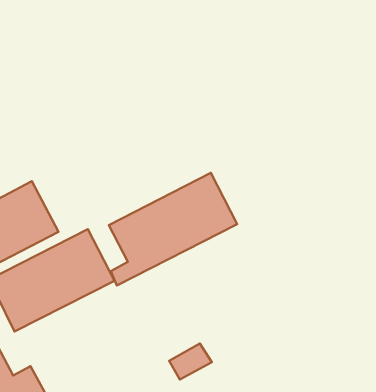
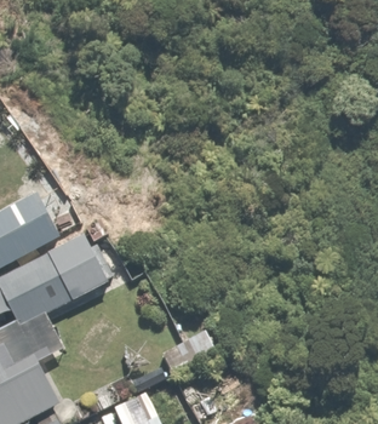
building: [109,173,237,285] -> none

